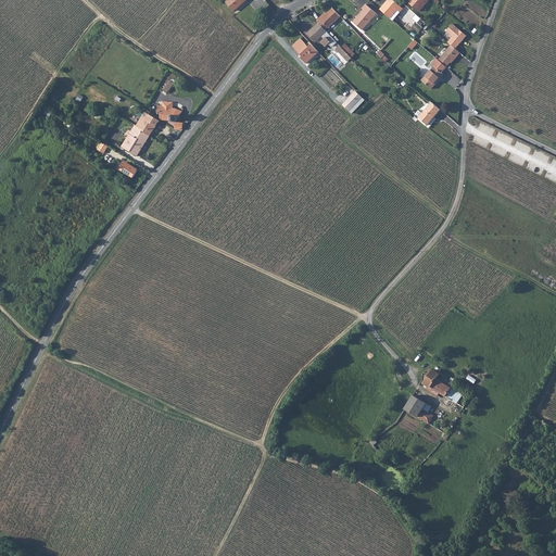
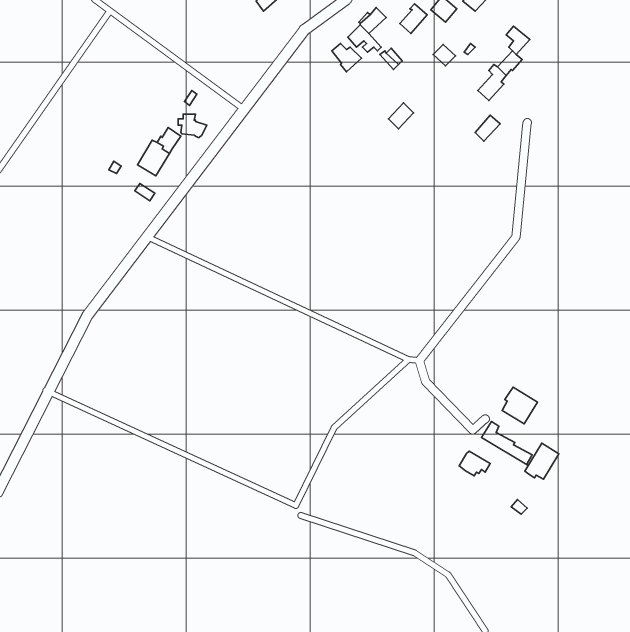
building: none -> [502,387,537,424]
building: none -> [525,443,559,479]

